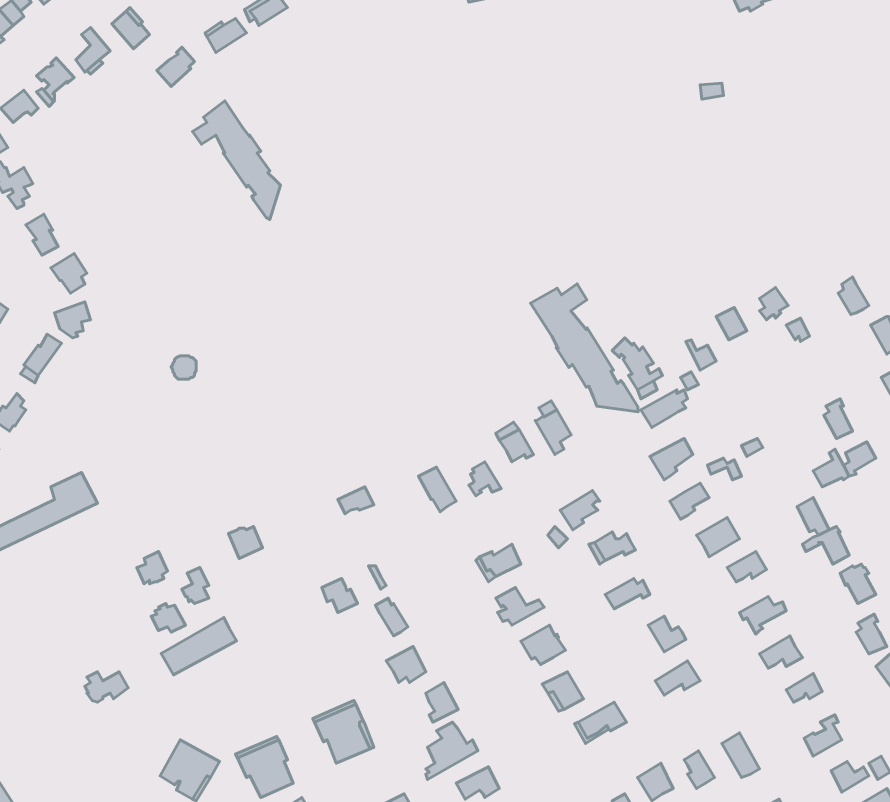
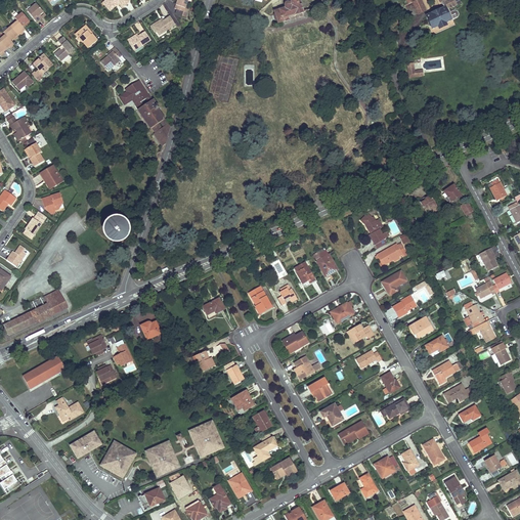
building: [531,284,638,412] -> none
building: [161,617,236,675] -> [23,355,66,388]
building: none -> [71,430,101,456]

